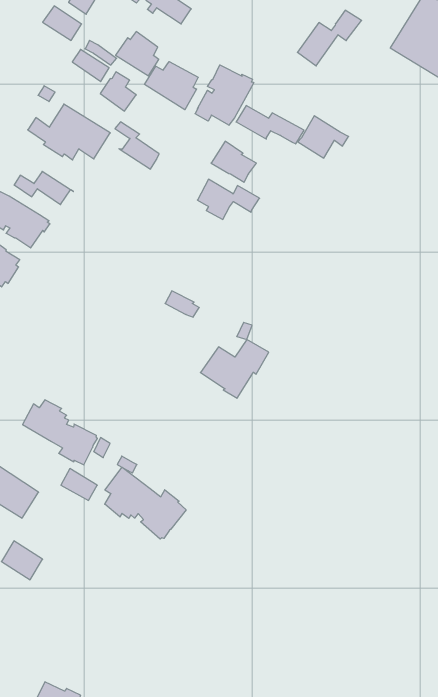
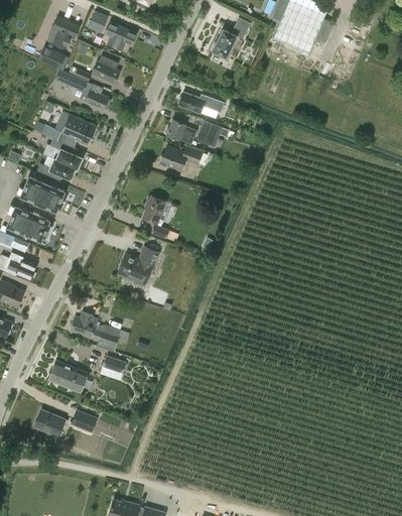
building: [144,62,198,110] -> none
building: [195,65,254,125] -> none
building: [298,116,349,158] -> [195,120,229,147]
building: [115,122,159,169] -> [49,141,82,169]
building: none -> [142,196,166,224]
building: [200,340,269,398] -> [117,246,160,286]
building: [105,467,186,539] -> none

